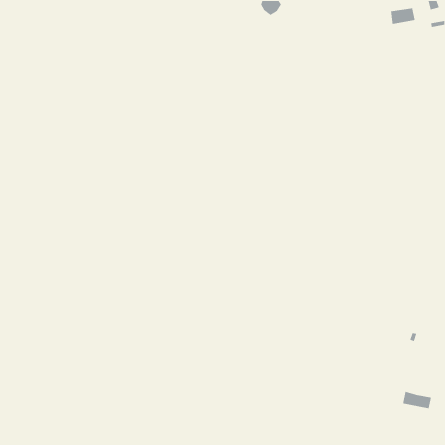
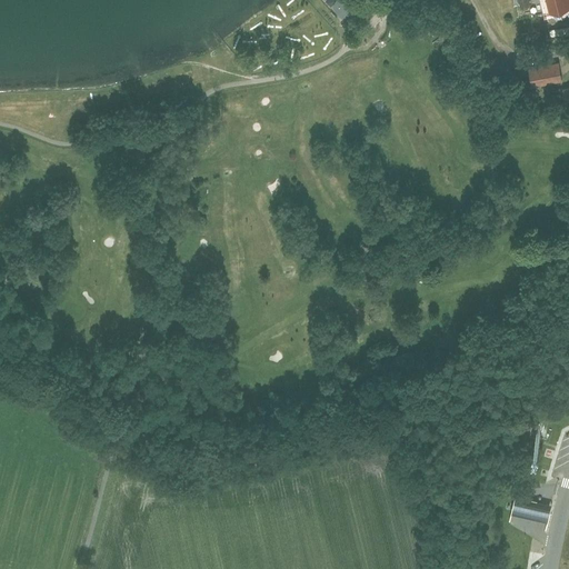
building: [390,7,415,25] -> [528,64,560,87]

